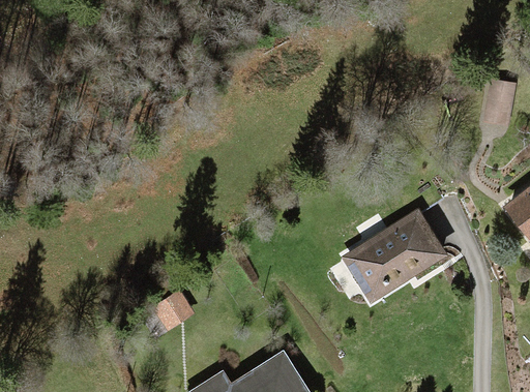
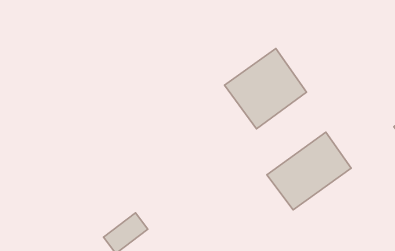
building: none -> [225,48,307,129]

